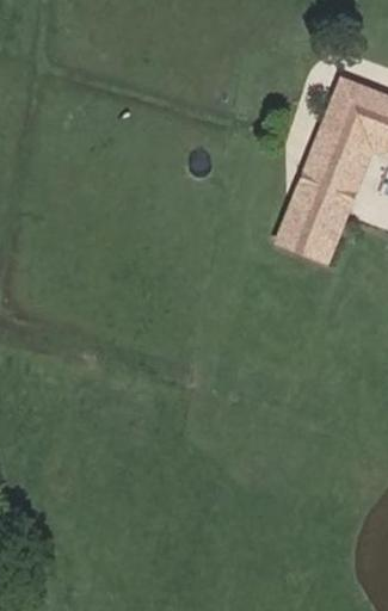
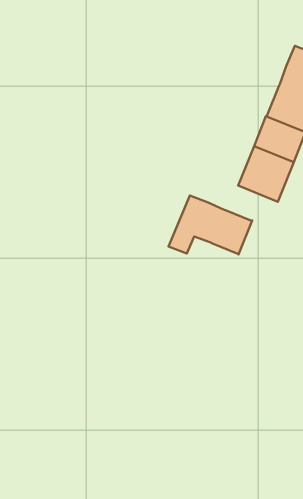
building: none -> [169,195,252,254]

